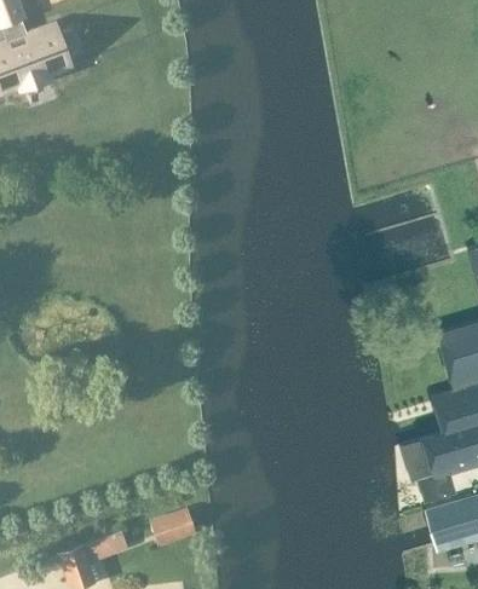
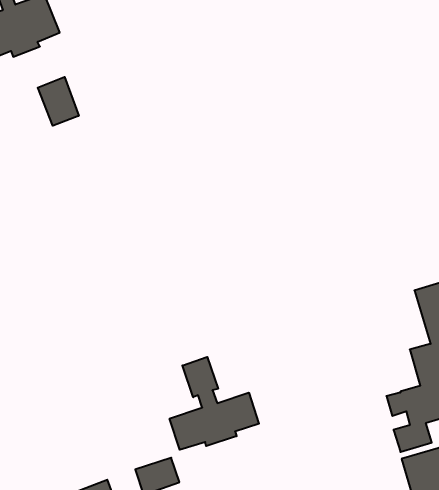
building: none -> [38,77,79,126]
building: none -> [170,357,259,450]

